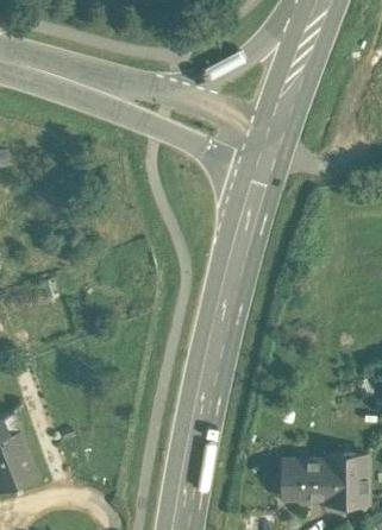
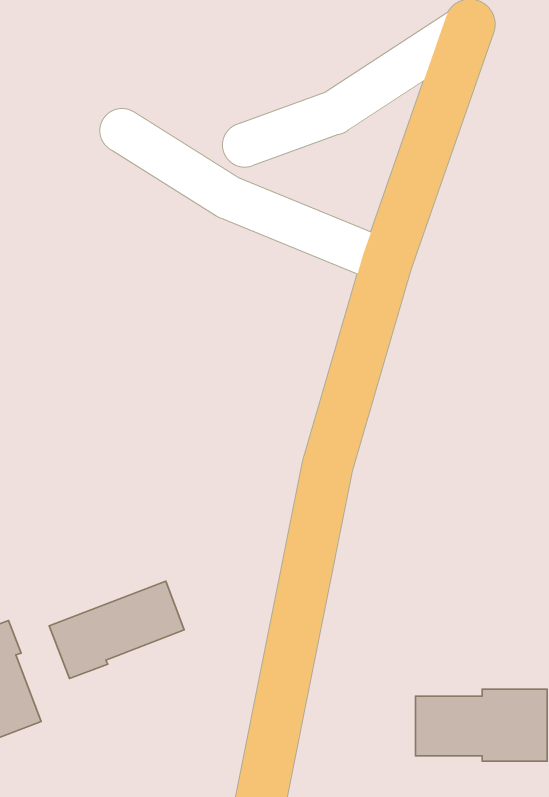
building: none -> [49,581,184,679]

